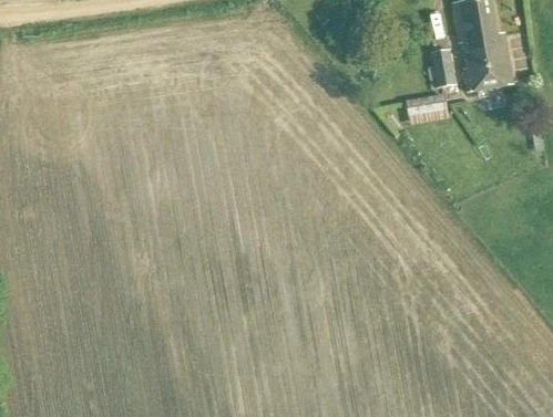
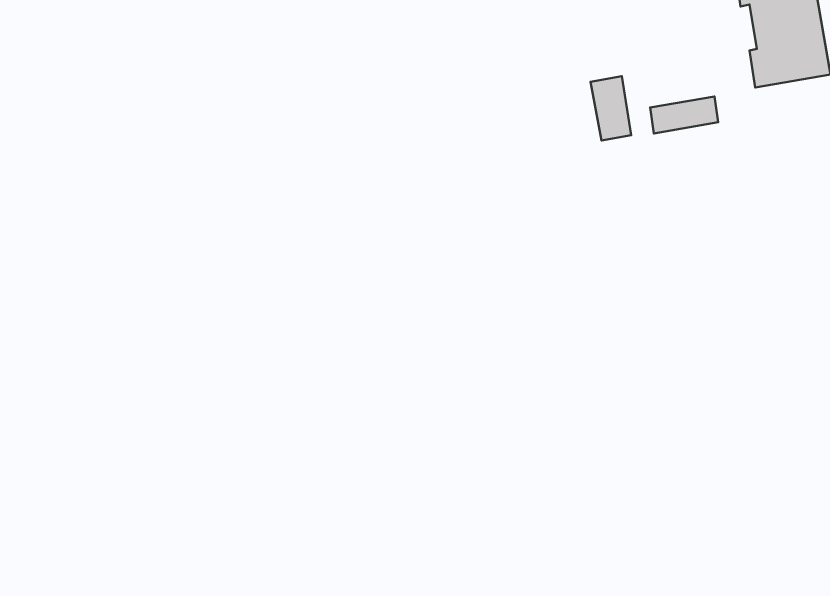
building: [432,45,457,84] -> [591,76,631,141]

